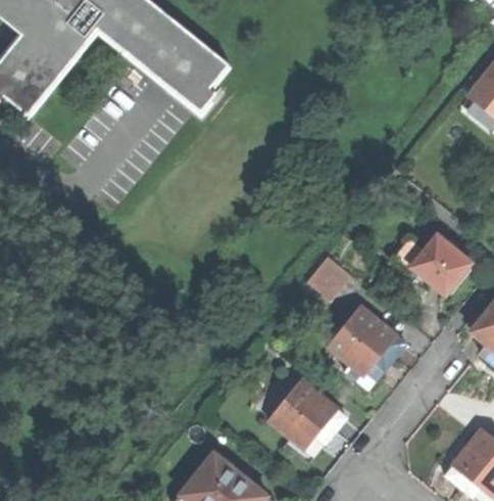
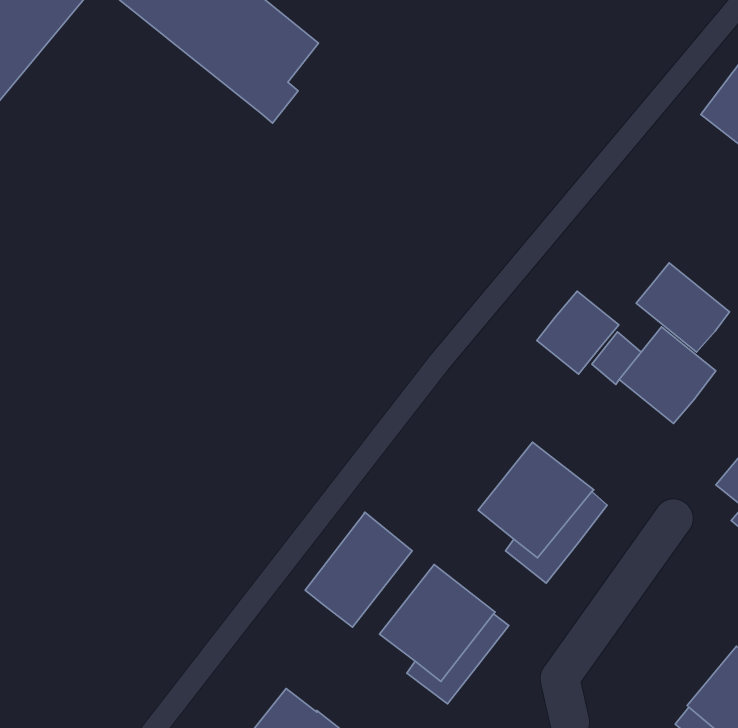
building: none -> [636,263,730,352]
building: none -> [537,291,619,374]
building: [306,255,351,301] -> none
building: none -> [305,512,412,627]

